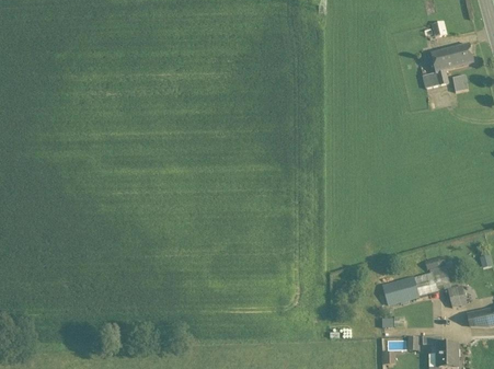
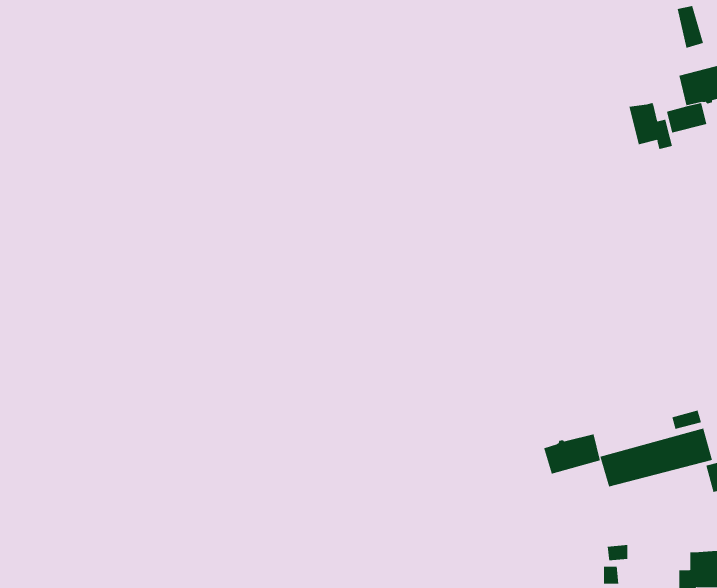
building: none -> [629,102,673,150]
building: none -> [544,433,601,474]

